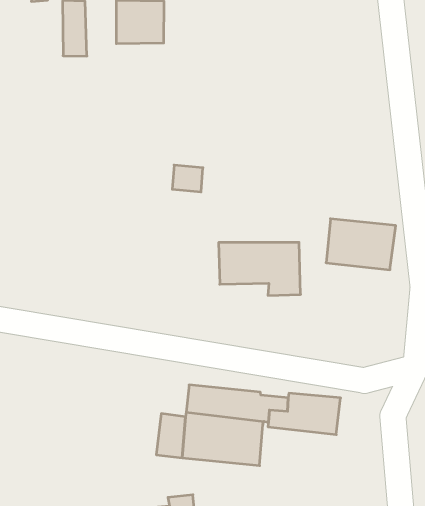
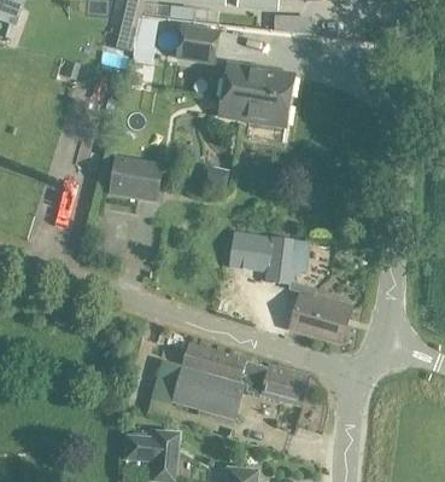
building: none -> [219,63,293,124]
building: none -> [109,156,162,201]
building: [326,219,396,270] -> [288,291,350,341]

